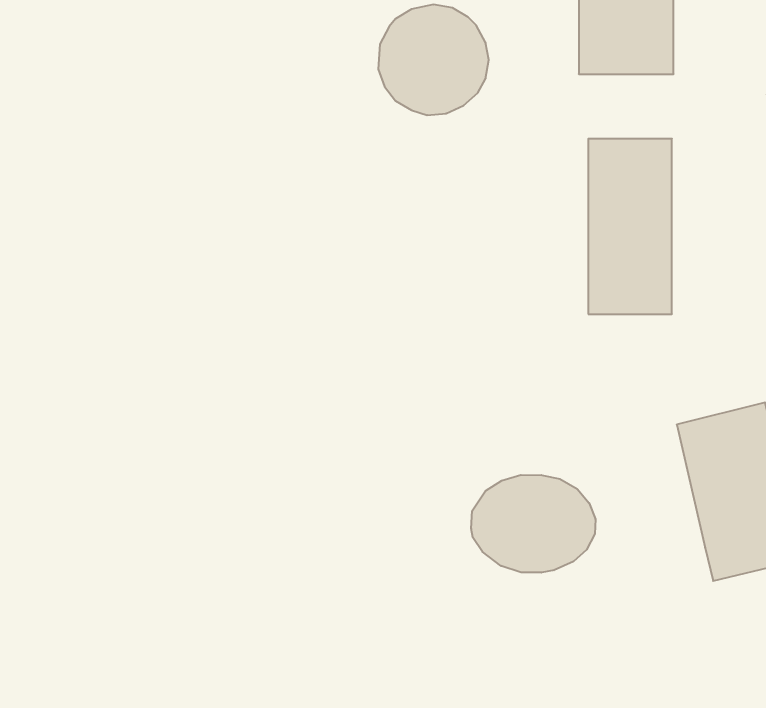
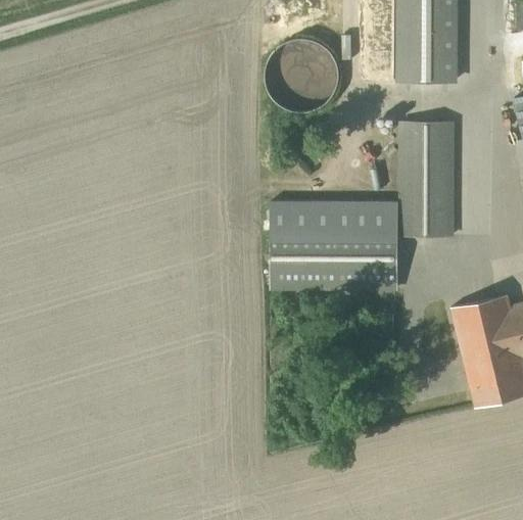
building: none -> [276,200,397,284]
building: [471,475,595,573] -> none

